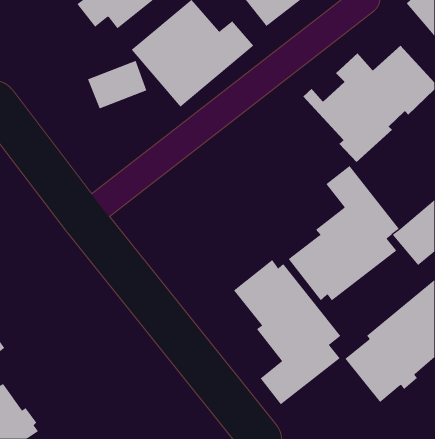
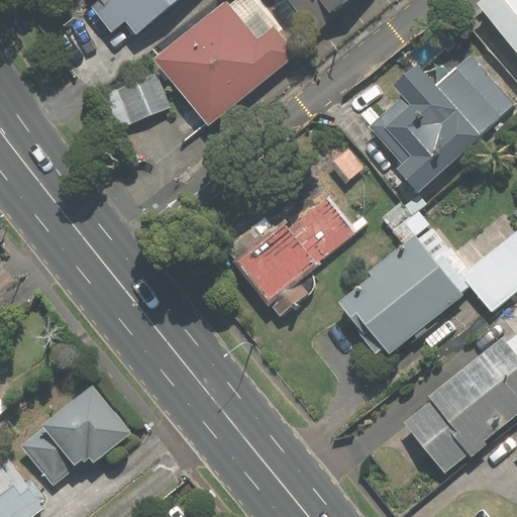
building: none -> [223,194,364,315]
building: [233,259,341,405] -> none
building: none -> [19,384,134,486]

